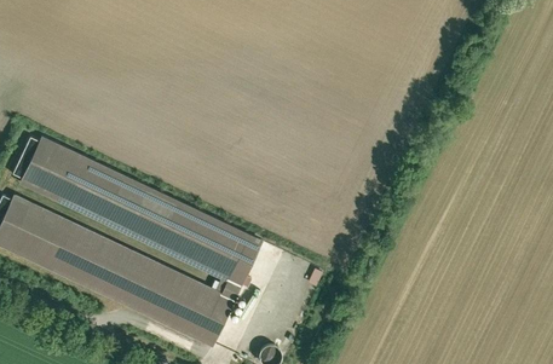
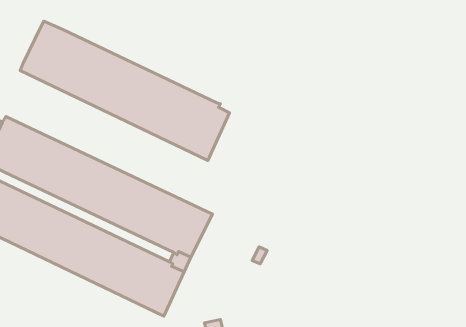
building: none -> [20,21,230,160]

